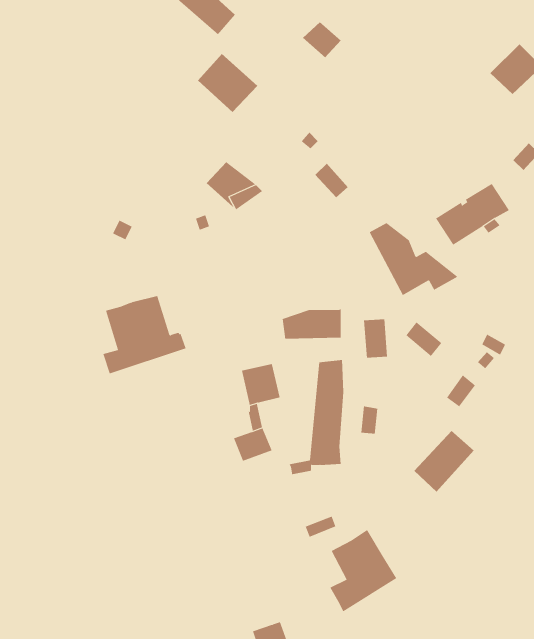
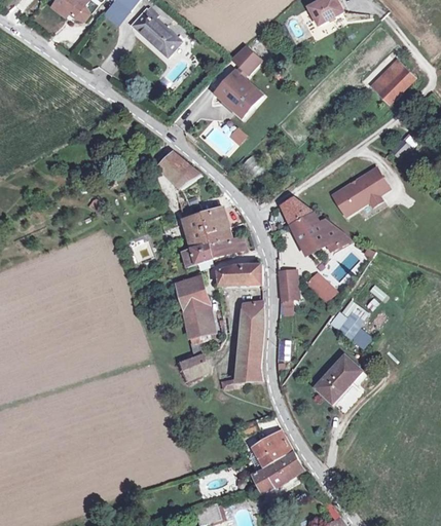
building: [197,53,258,113] -> [215,72,261,117]
building: [102,296,186,374] -> [180,208,244,267]
building: none -> [176,276,208,310]

